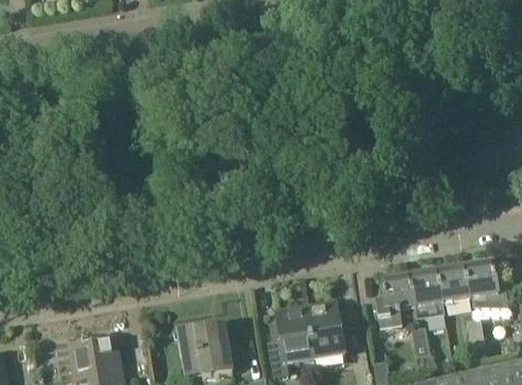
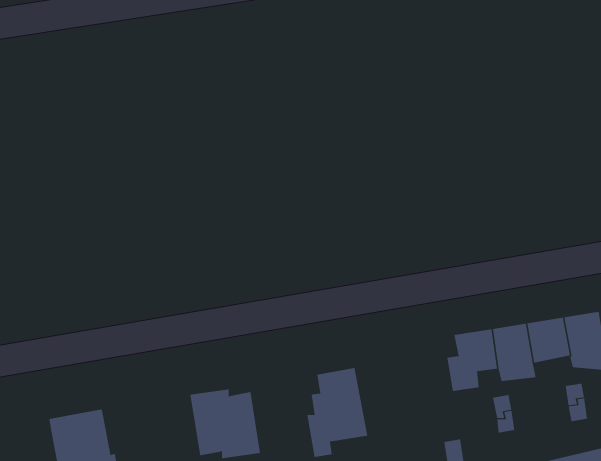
building: [306,299,345,356] -> none

